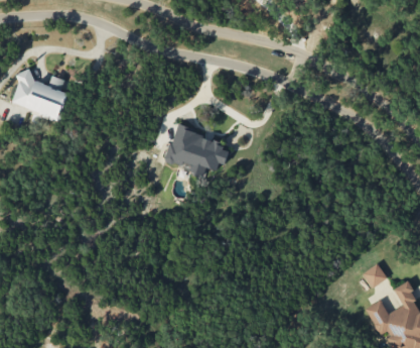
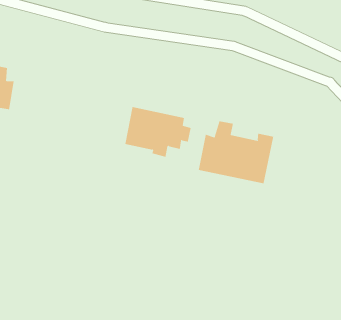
building: none -> [198,120,274,184]

